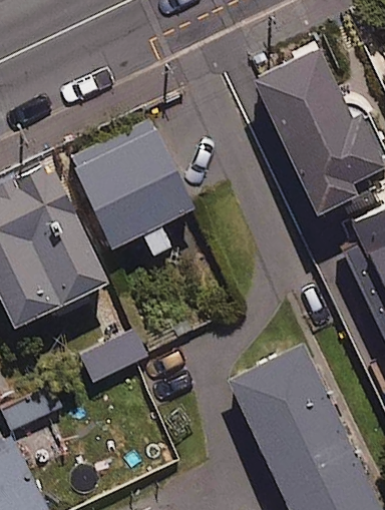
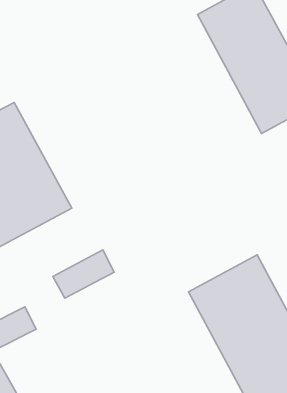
building: [74,131,194,254] -> none

